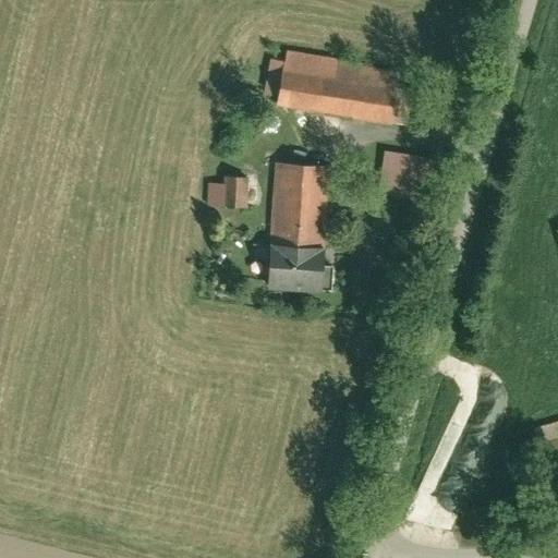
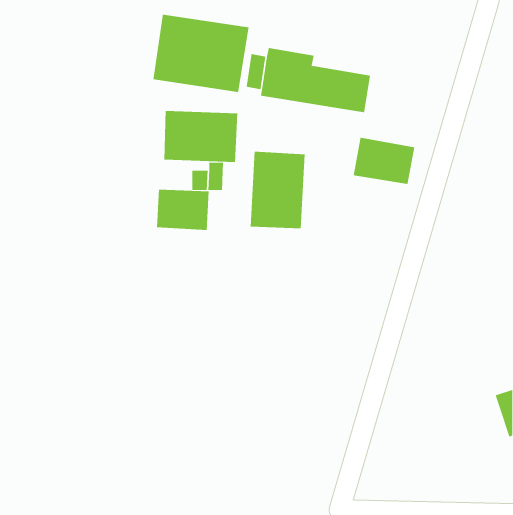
building: none -> [153,14,249,93]
building: none -> [164,110,238,163]
building: [268,245,326,290] -> [156,189,209,230]

